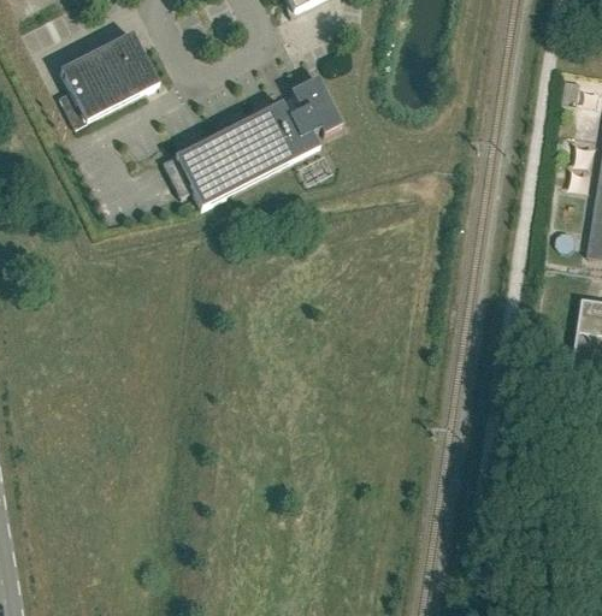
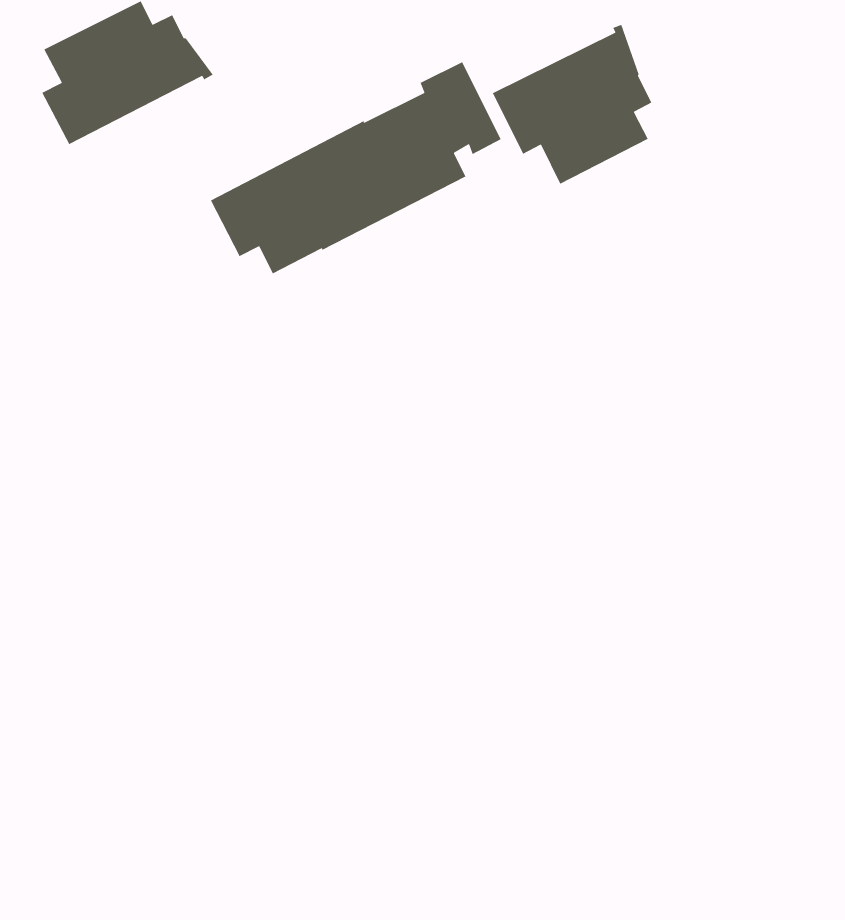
building: none -> [492,24,653,185]

